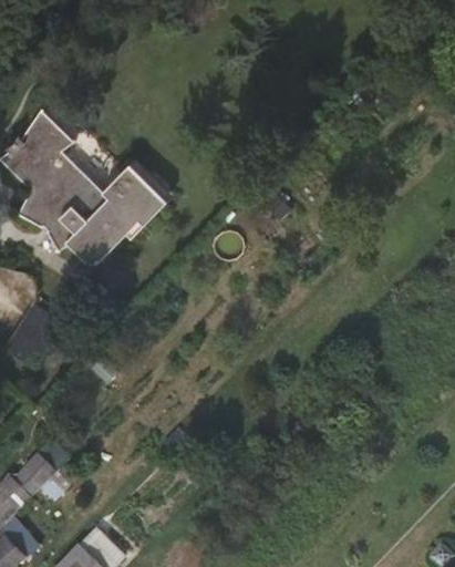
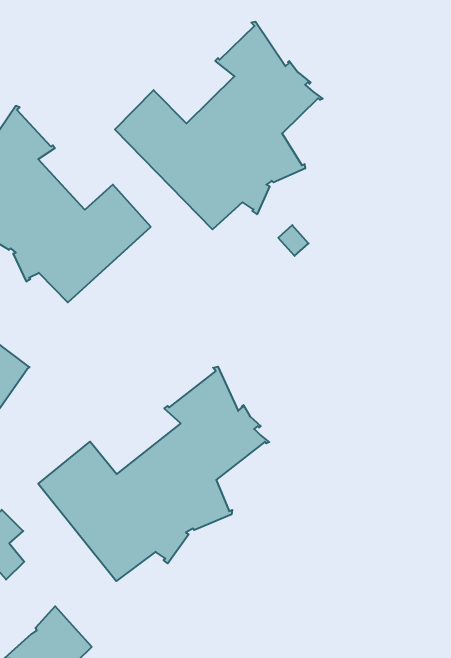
building: none -> [115,22,323,229]
building: none -> [38,367,269,581]

